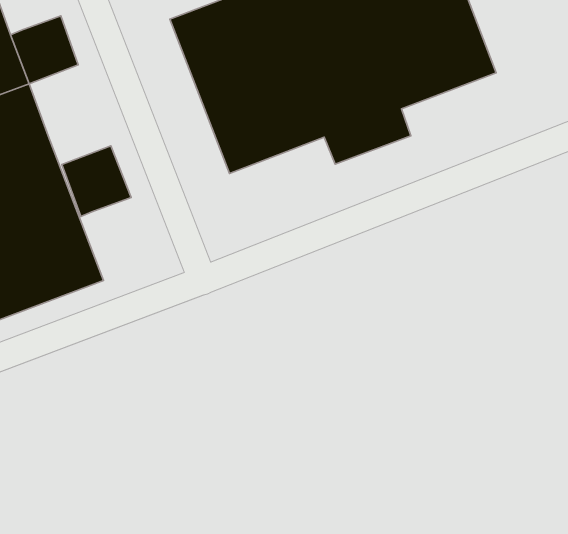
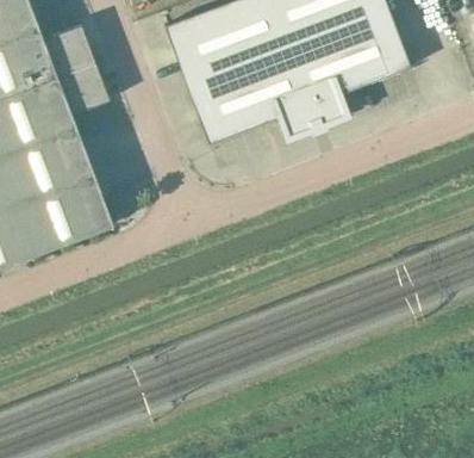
building: [62,146,131,217] -> [57,61,110,114]

